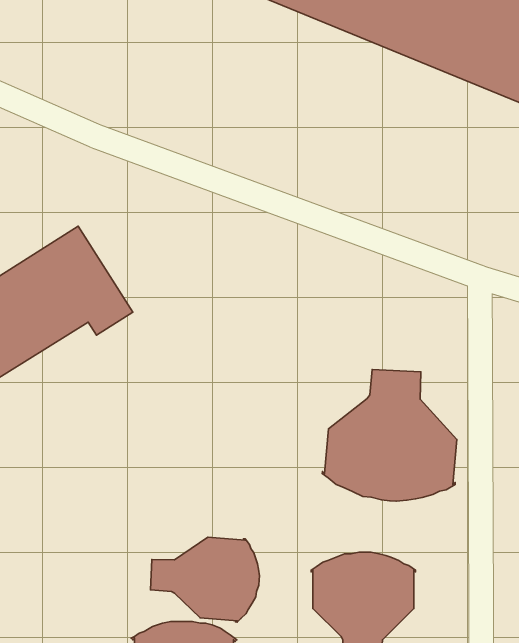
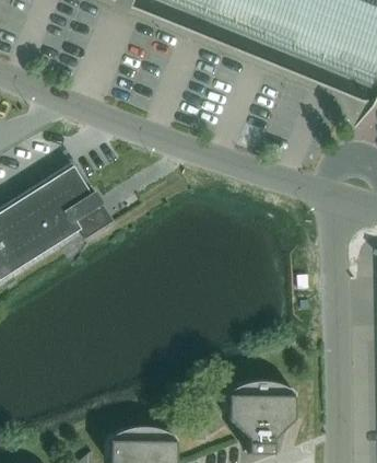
building: [322,370,457,501] -> none
building: [150,537,260,622] -> none

